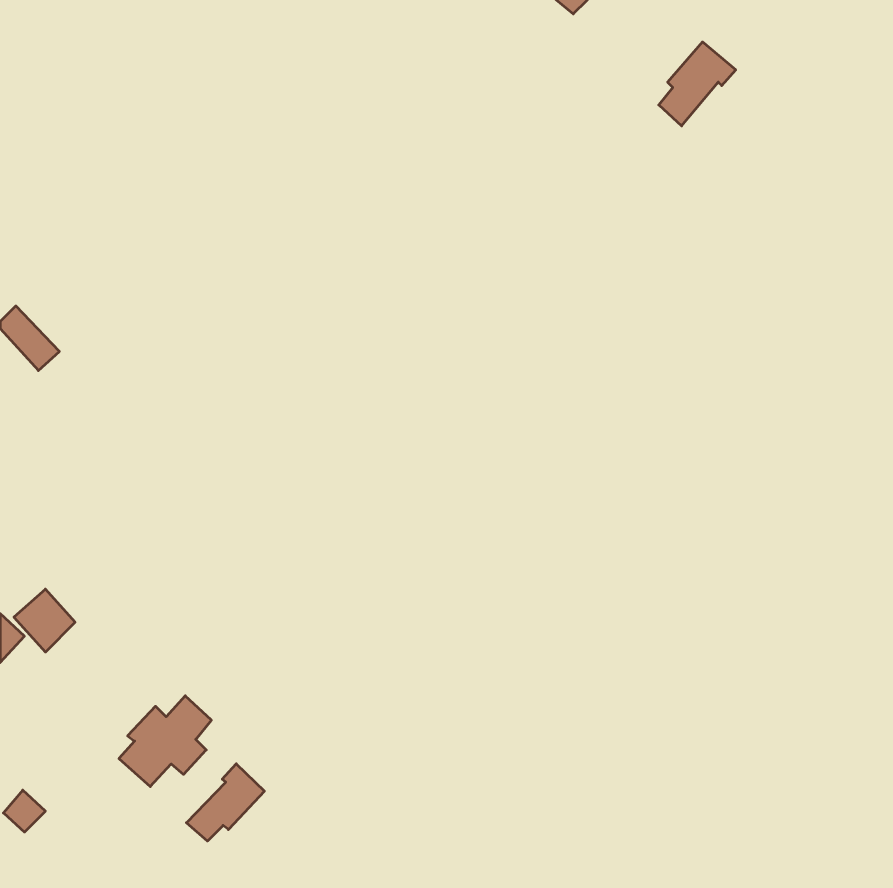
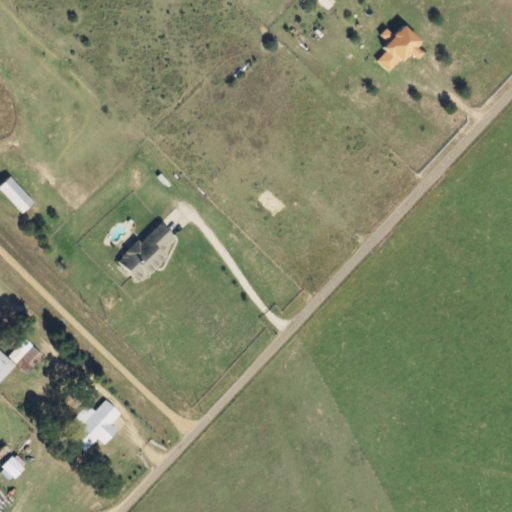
building: none -> [117,223,174,281]
building: [186,764,264,841] -> none

